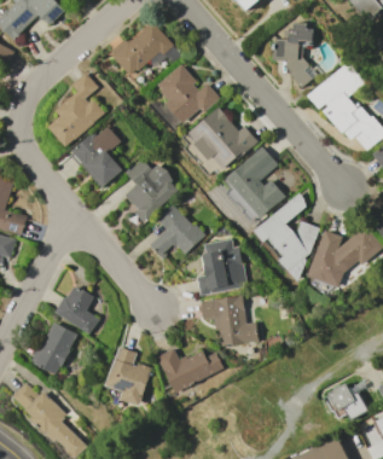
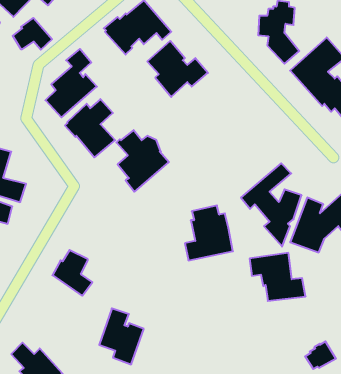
building: none -> [13,18,52,50]
building: [182,106,259,175] -> none
building: [224,145,286,220] -> none
building: [151,204,207,255] -> none
building: [202,295,261,345] -> [250,253,306,301]
building: [31,323,76,374] -> none
building: [158,348,226,394] -> none

